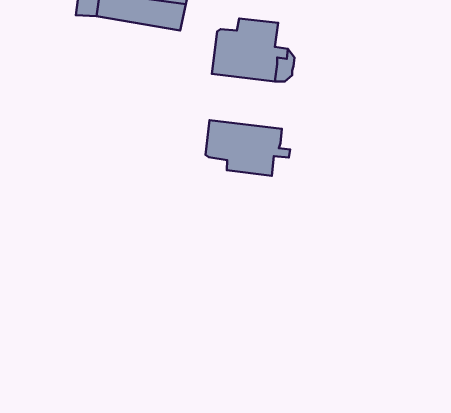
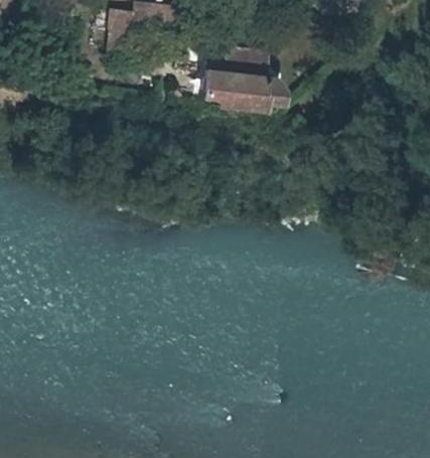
building: [206,120,290,176] -> none

